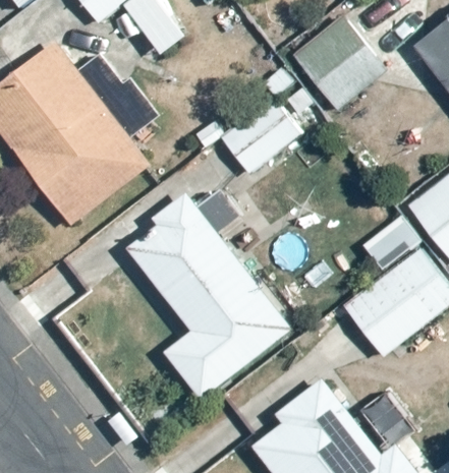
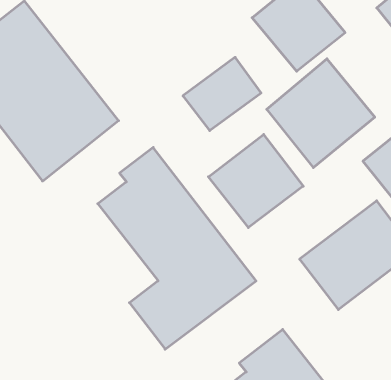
building: none -> [267,59,375,168]
building: none -> [208,134,303,228]

